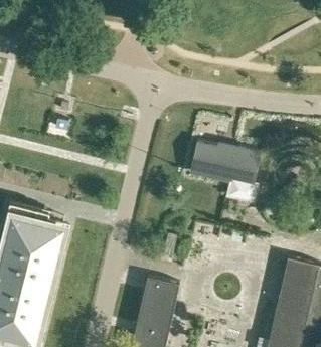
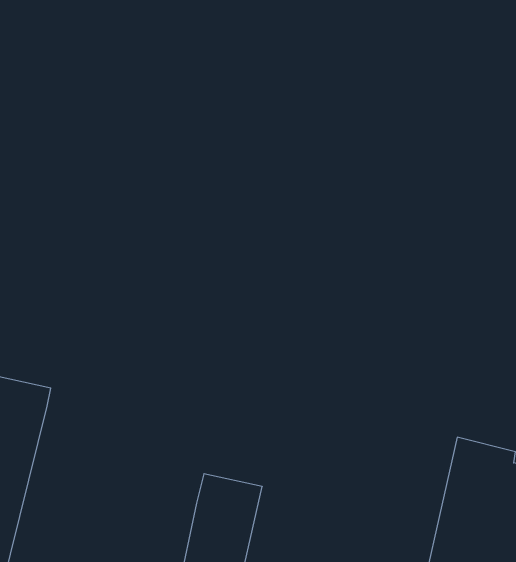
building: [190,141,261,201] -> none

